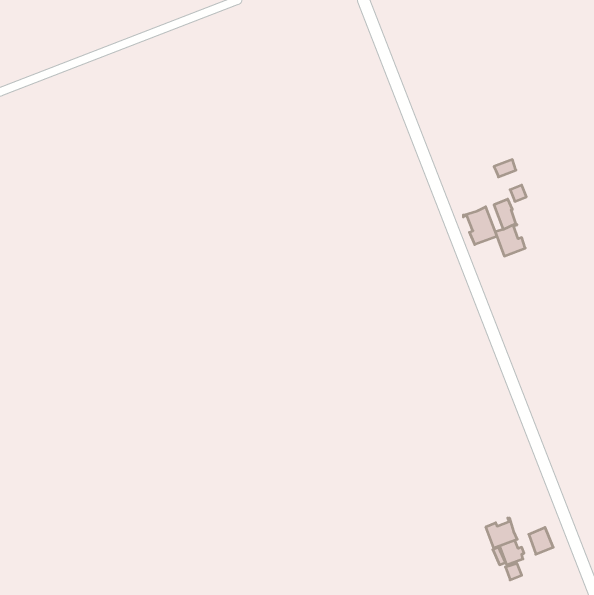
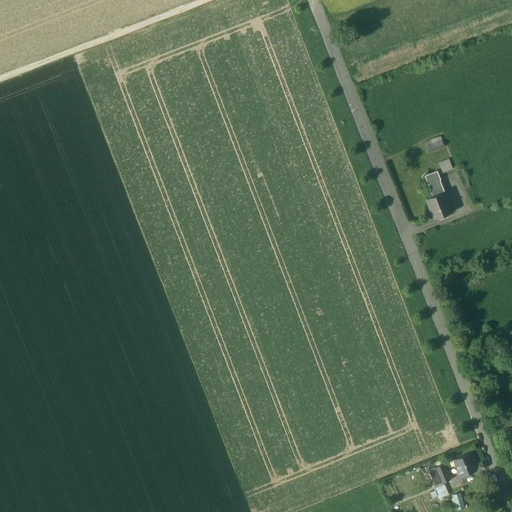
building: [463,207,497,245] -> none
building: [486,518,517,548] -> none

